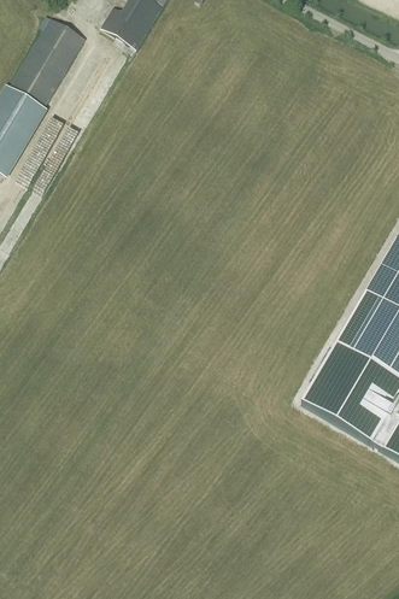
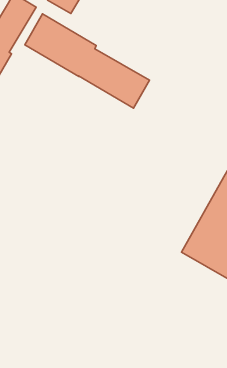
building: none -> [25,14,150,108]

